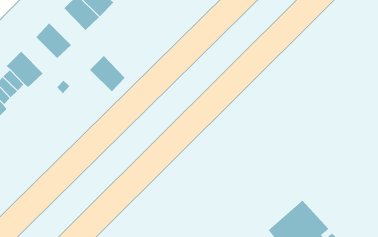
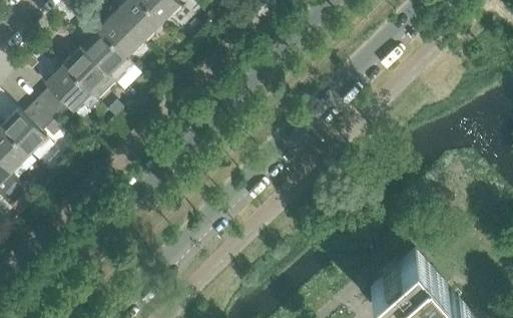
building: none -> [62,49,107,94]
building: [89,55,125,92] -> [97,13,142,59]

